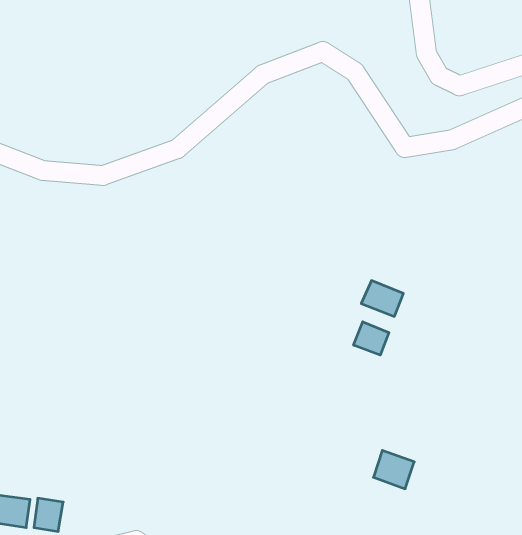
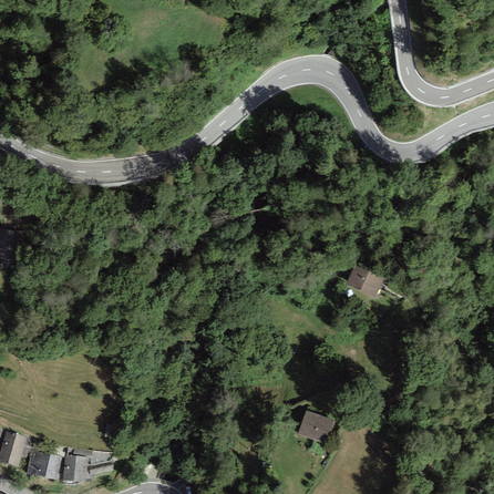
building: [354,322,389,355] -> none
building: [373,450,414,489] -> [298,410,333,443]

